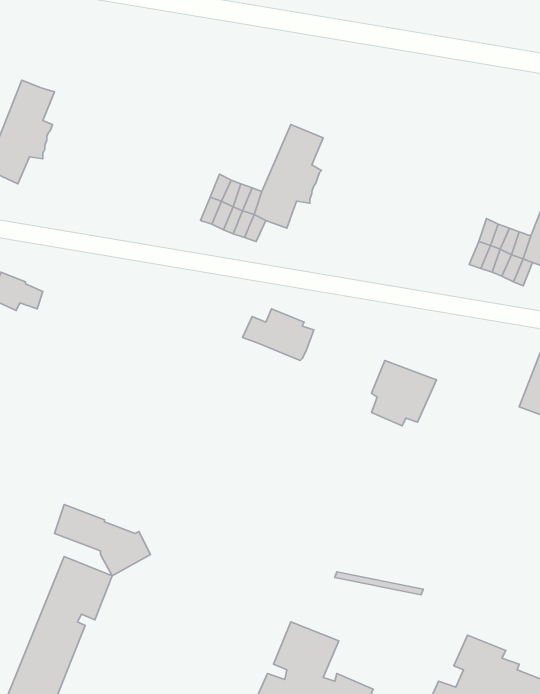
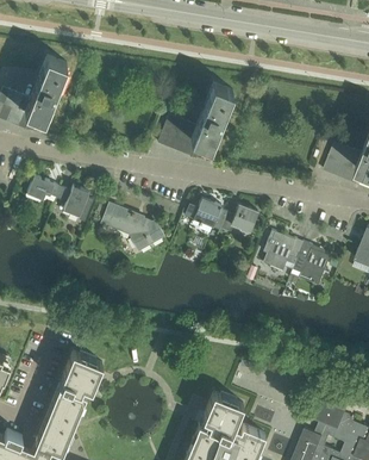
building: none -> [56,185,93,222]
building: none -> [220,204,257,232]
building: none -> [292,242,330,285]
building: [54,505,150,576] -> [102,205,162,249]

